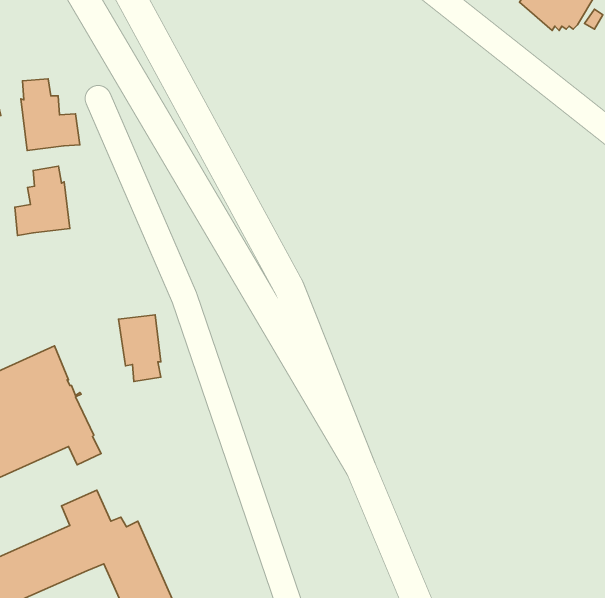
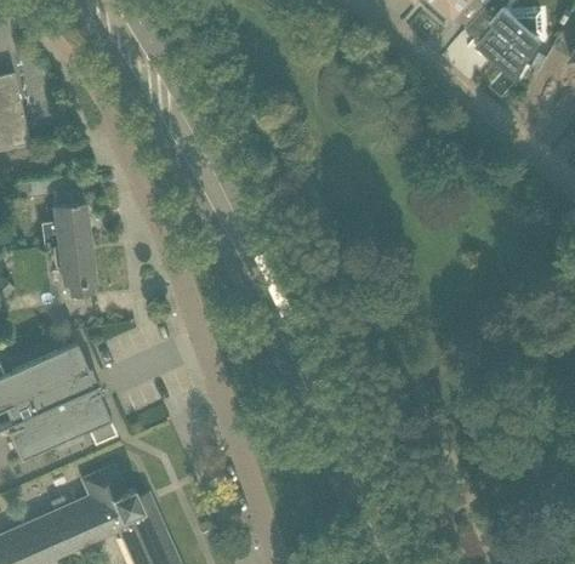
building: [21,79,80,150] -> none
building: [118,315,161,381] -> [58,243,95,300]

